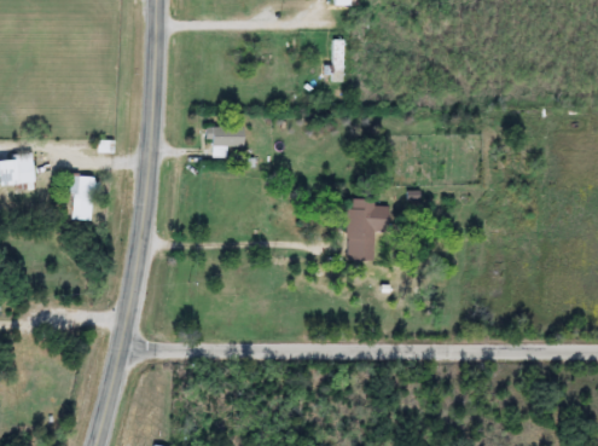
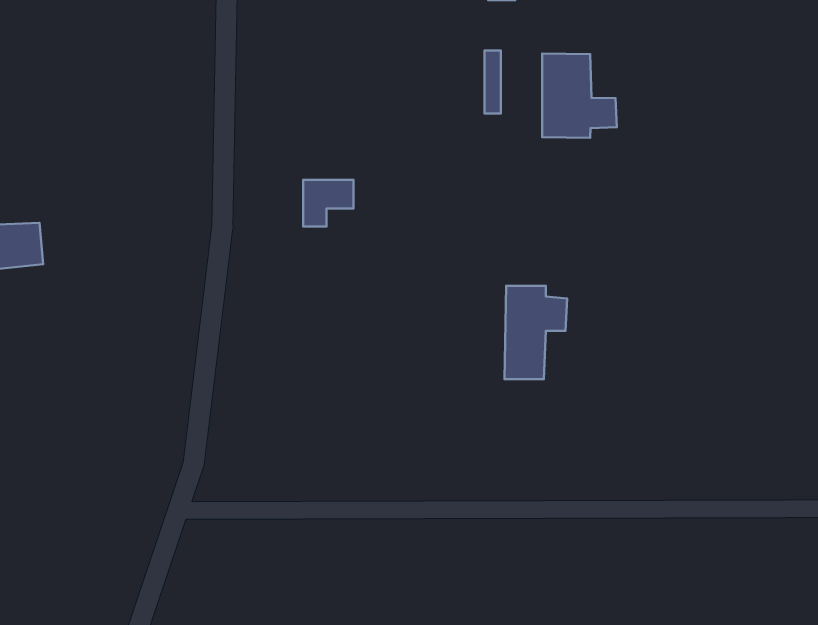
building: none -> [542,54,617,138]
building: [71,174,94,220] -> none

